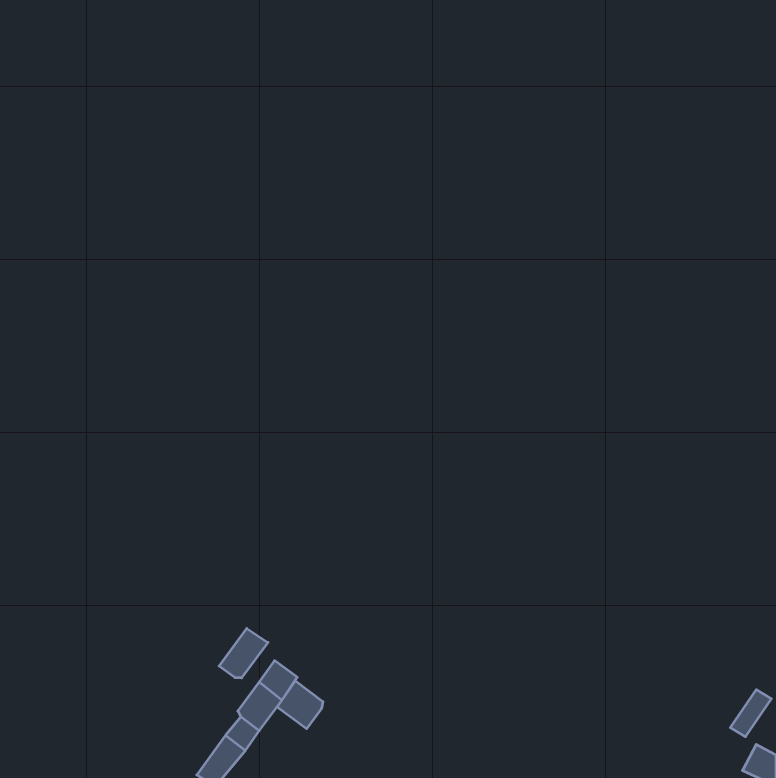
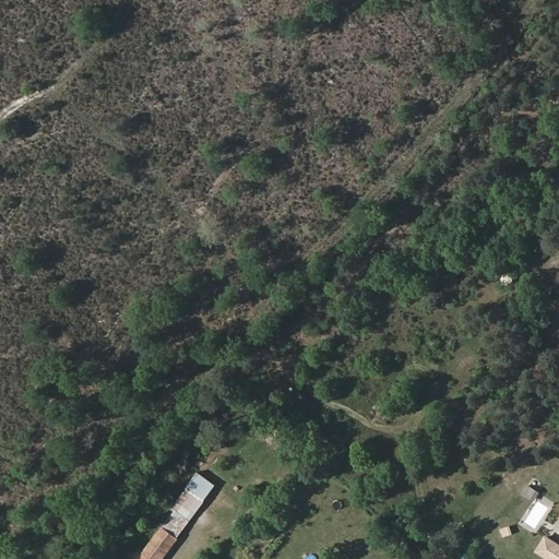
building: [219,628,268,678] -> none
building: [277,681,323,729] -> none

